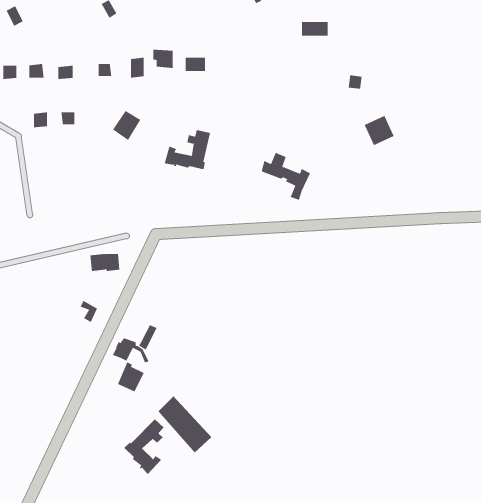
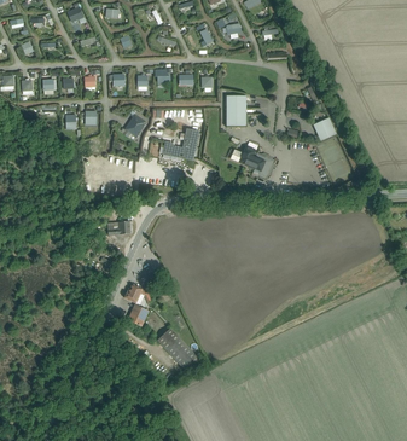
building: none -> [226,95,246,124]
building: [123,419,165,475] -> none

